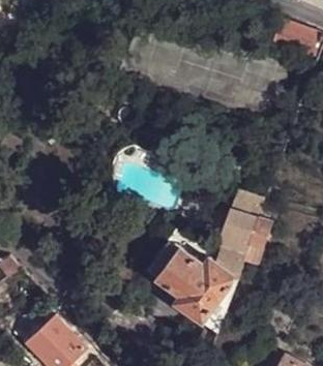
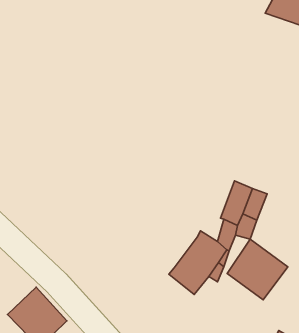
building: [162,247,208,294] -> none
building: none -> [227,239,288,300]

